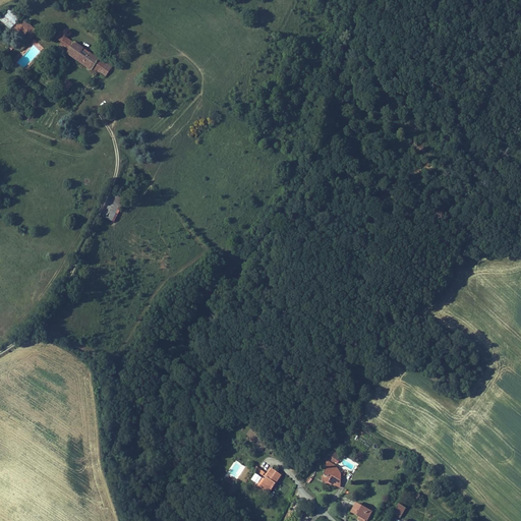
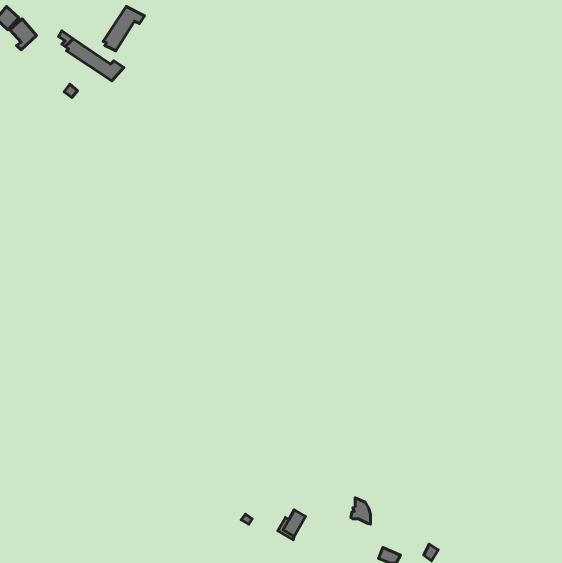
building: none -> [103,6,144,51]

